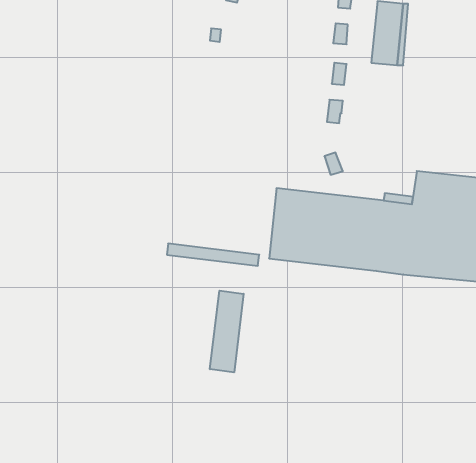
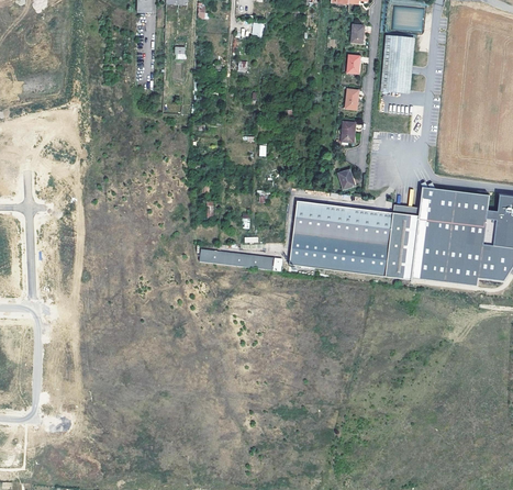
building: [210,291,244,372] -> none

